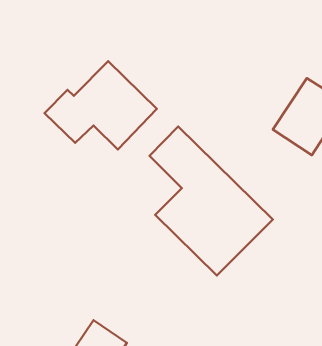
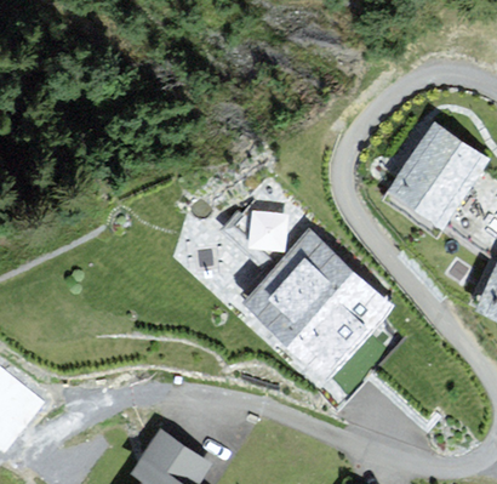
building: [45,61,157,149] -> none

